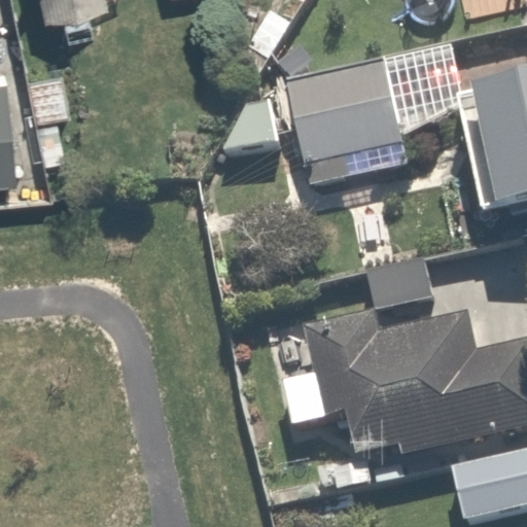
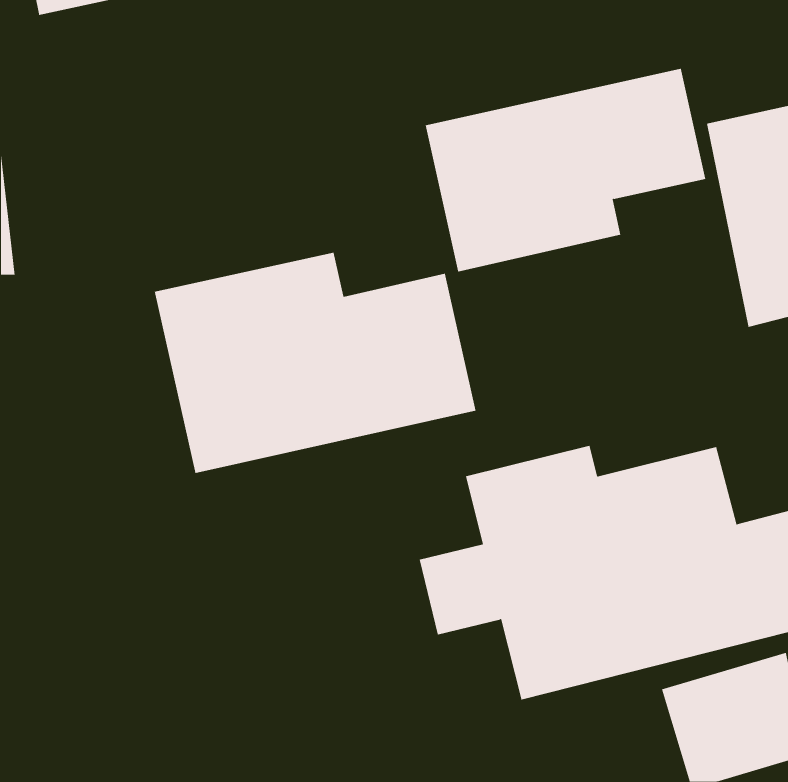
building: none -> [154,252,476,474]

